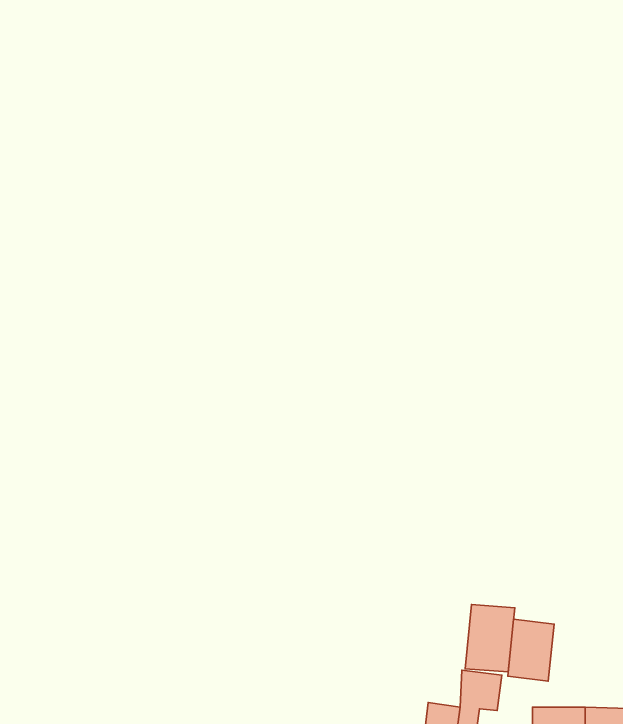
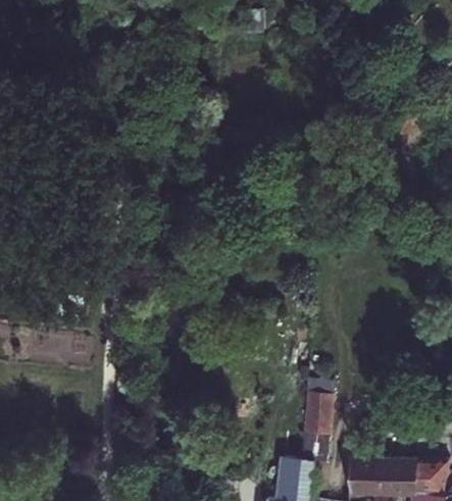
building: [508,619,554,681] -> none

